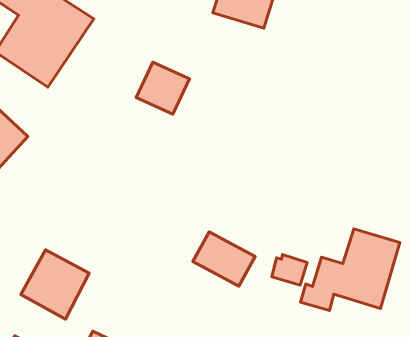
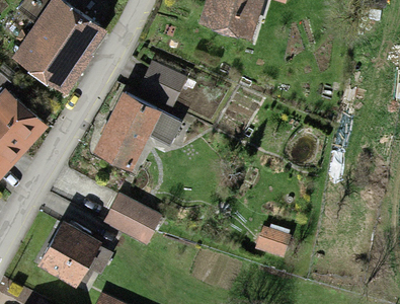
building: none -> [97,95,180,171]
building: [301,229,400,311] -> none
building: [193,232,255,286] -> [106,196,160,242]

